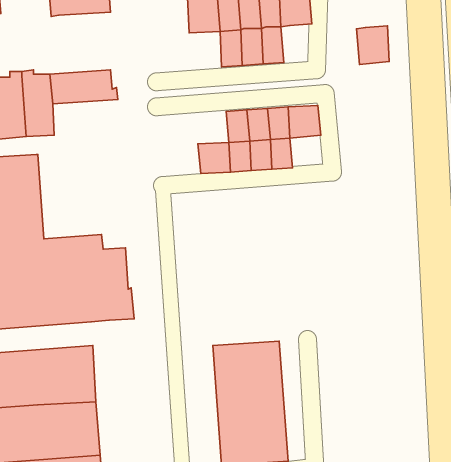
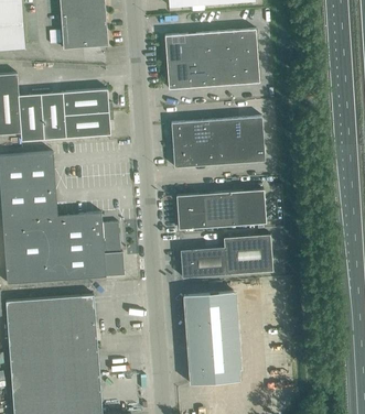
building: [357,26,389,64] -> [234,56,258,85]
building: none -> [165,62,190,89]
building: none -> [64,112,112,139]
building: none -> [171,121,195,145]
building: none -> [240,139,265,163]
building: none -> [176,189,266,229]
building: none -> [180,235,272,277]

